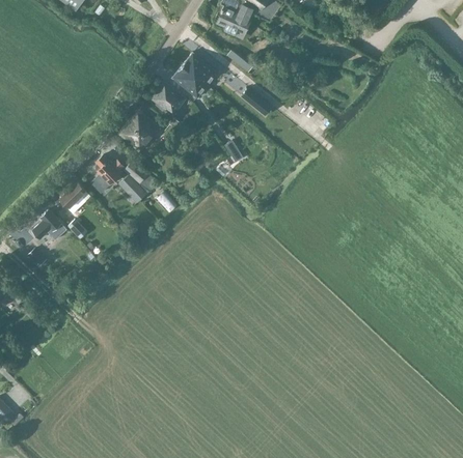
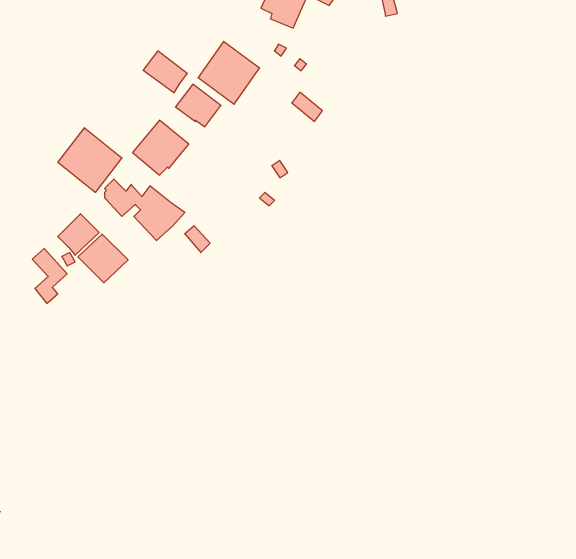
building: none -> [143,51,187,93]
building: none -> [58,128,122,192]
building: none -> [78,234,128,283]

